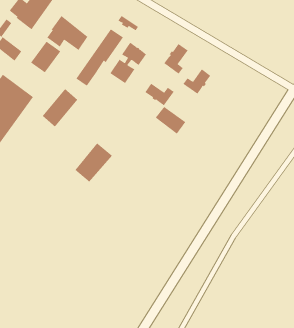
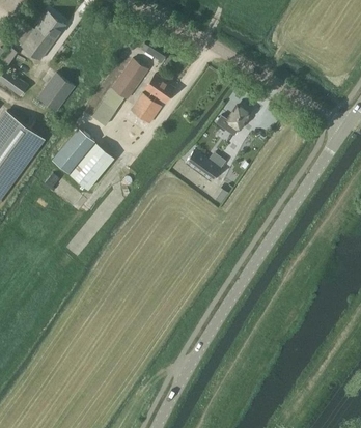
building: [47,15,88,51] -> none
building: [164,43,188,75] -> none
building: [145,83,174,106] -> none
building: [74,142,113,182] -> [70,143,114,190]

